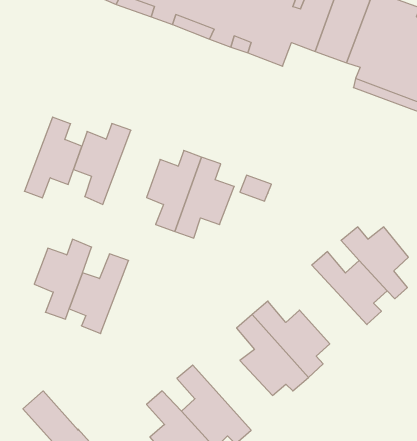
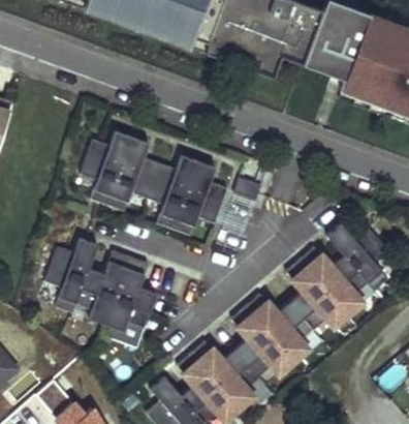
building: [24,117,82,198] -> [107,137,160,211]
building: none -> [105,256,156,330]
building: none -> [285,261,350,333]
building: none -> [190,341,263,413]

